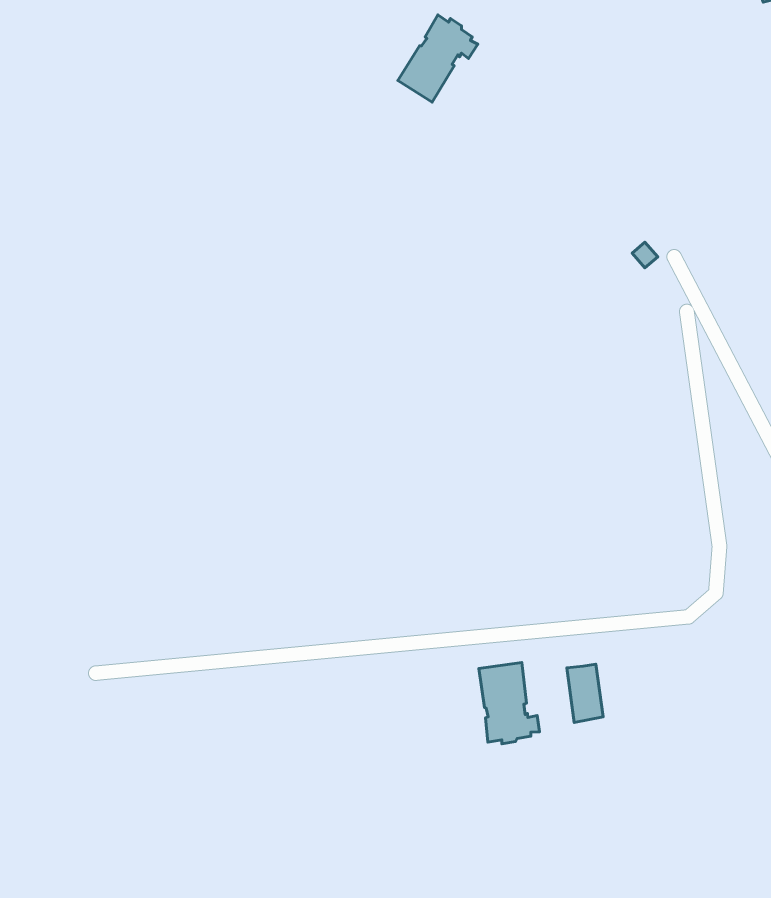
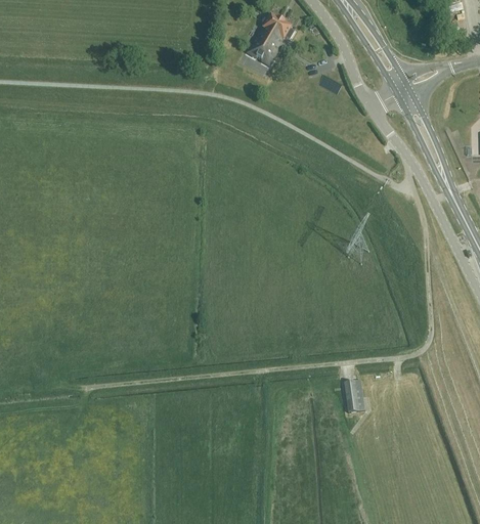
building: [479,662,539,744] -> none

